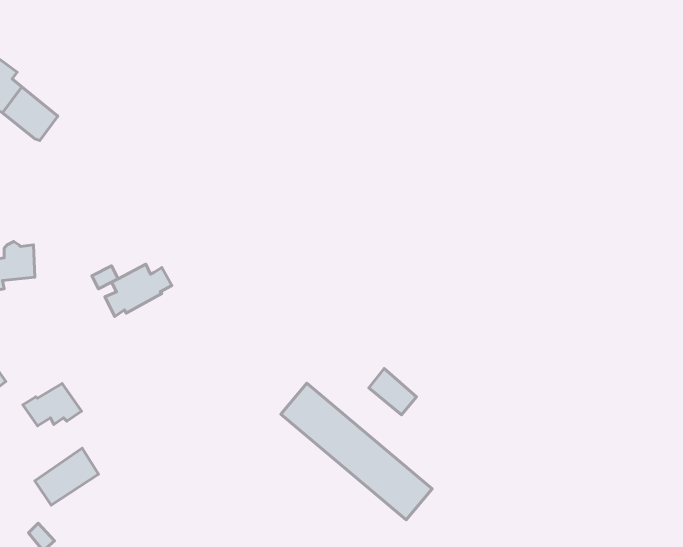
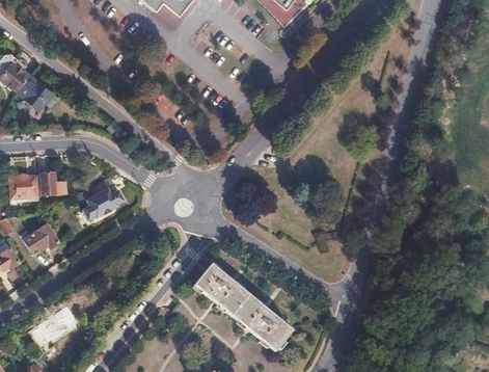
building: none -> [38,174,64,195]
building: [369,368,417,415] -> none
building: [23,384,82,426] -> [22,225,59,253]

